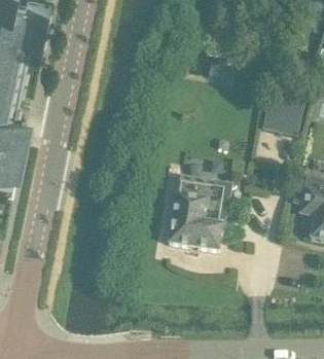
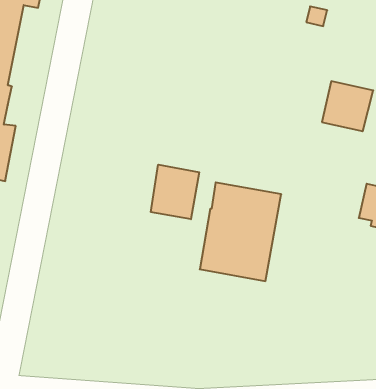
building: none -> [151,165,199,219]

